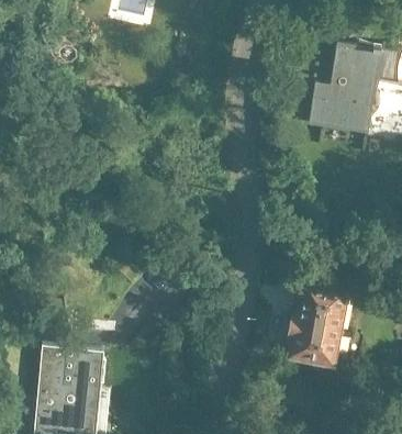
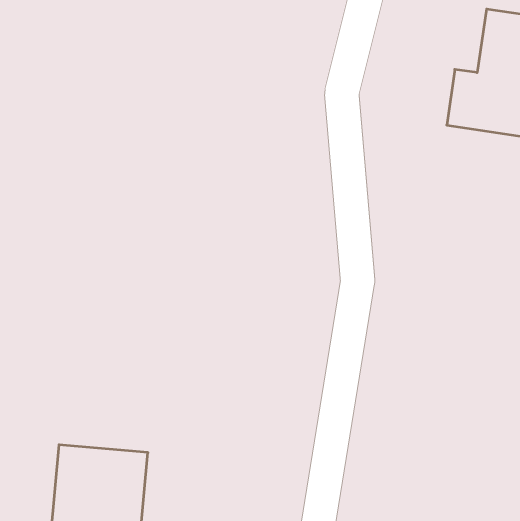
building: [288,280,350,366] -> none

